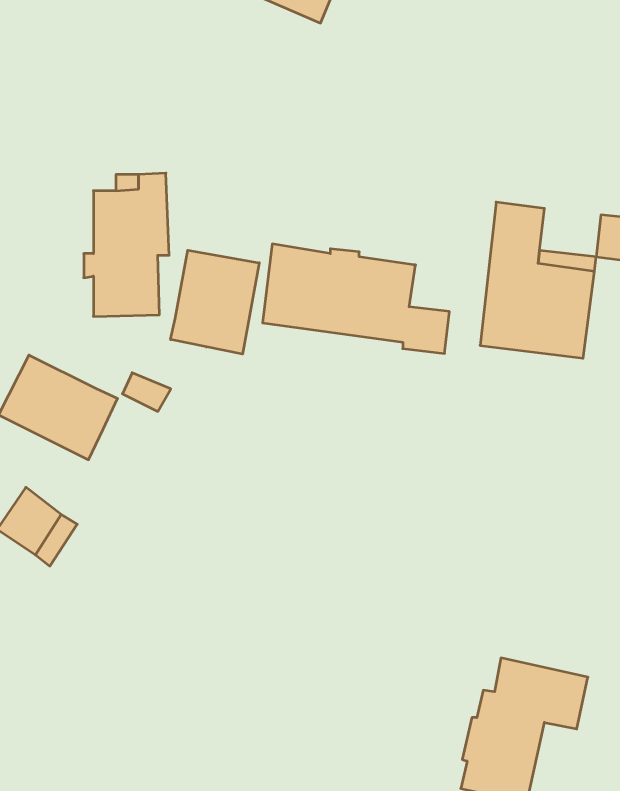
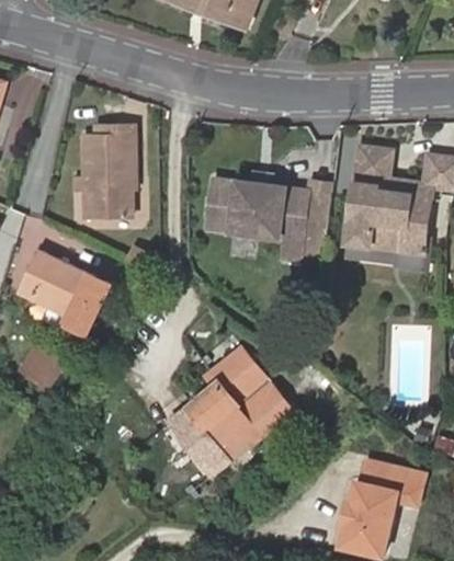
building: [171,250,259,354] -> none
building: none -> [302,182,333,222]
building: none -> [162,348,294,477]

